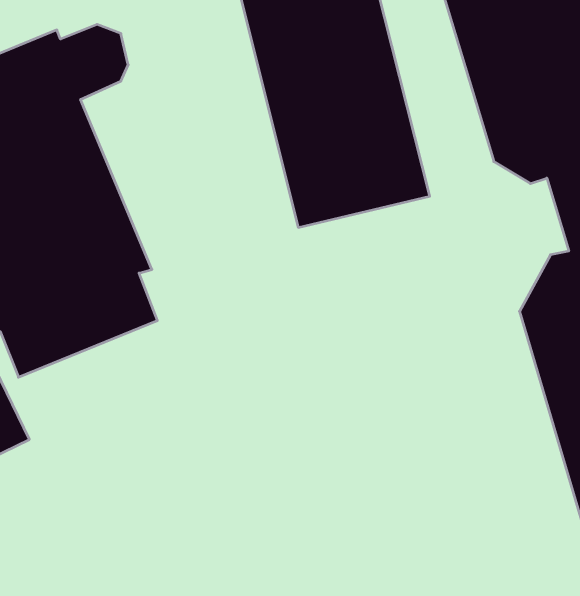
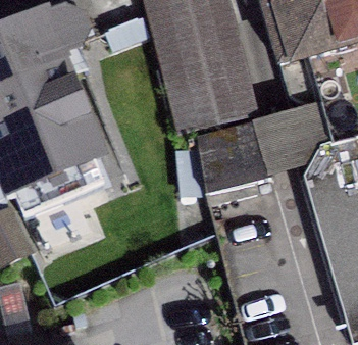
building: none -> [186,124,271,205]

